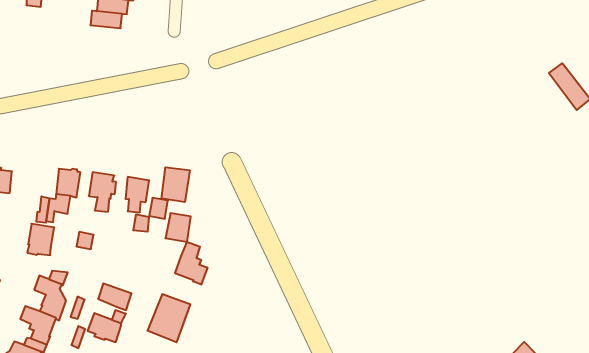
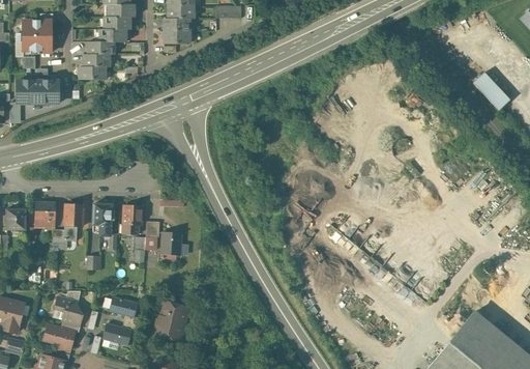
building: none -> [17,82,58,106]
building: [162,167,190,202] -> none
building: [27,224,54,255] -> [34,202,55,228]
building: [175,242,207,285] -> none

